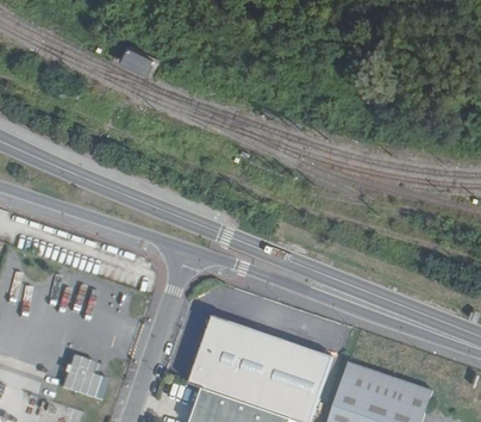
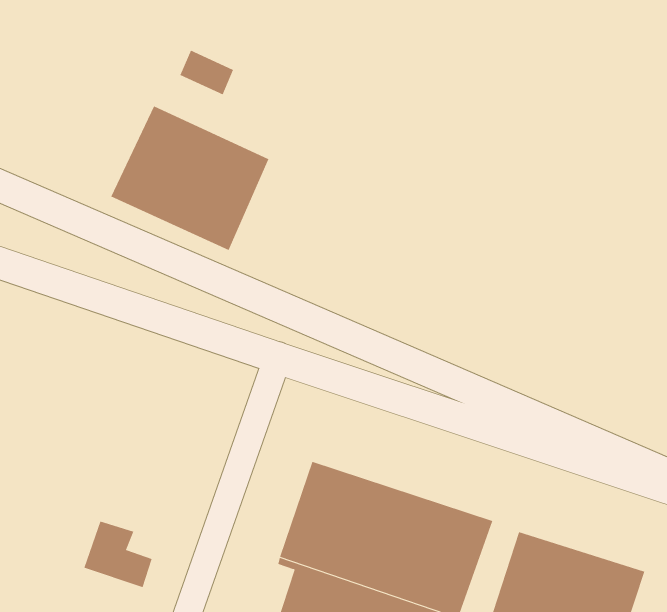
building: none -> [110,106,269,251]

